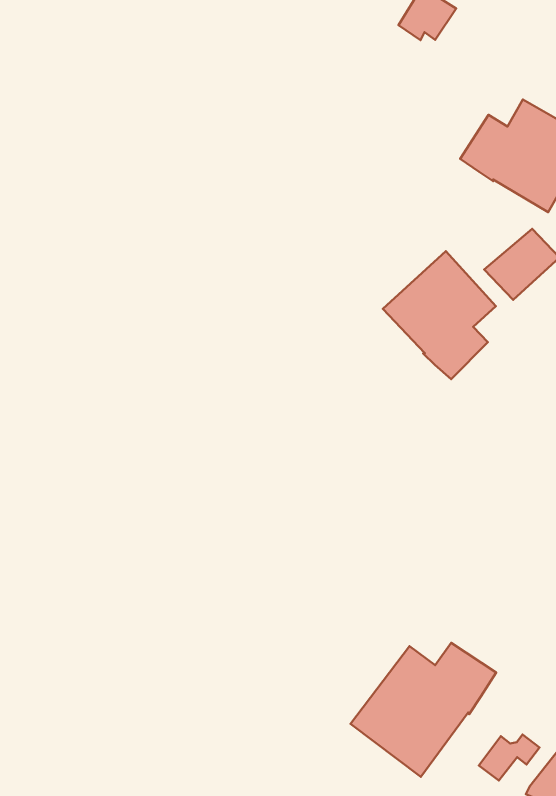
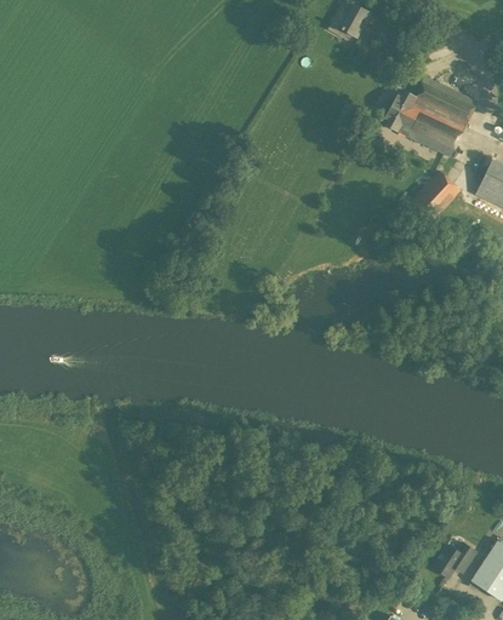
building: [383,251,496,379] -> none
building: [351,643,496,777] -> none

